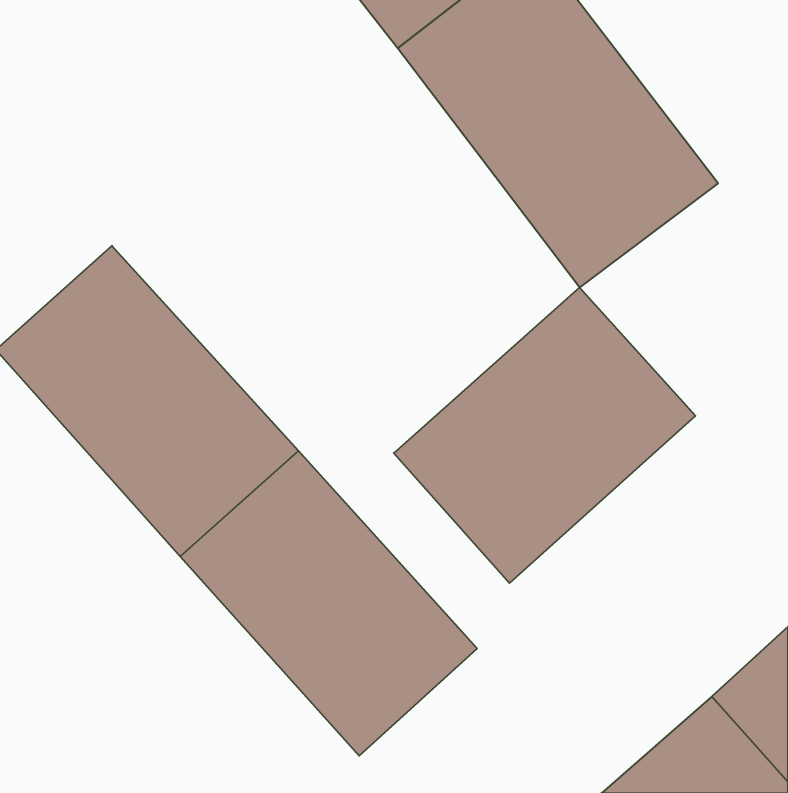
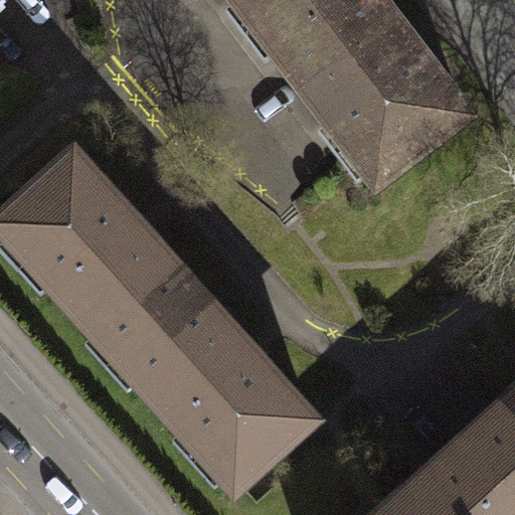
building: [394,287,695,583] -> none

